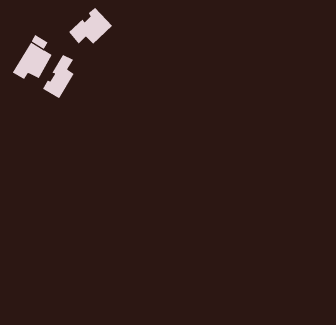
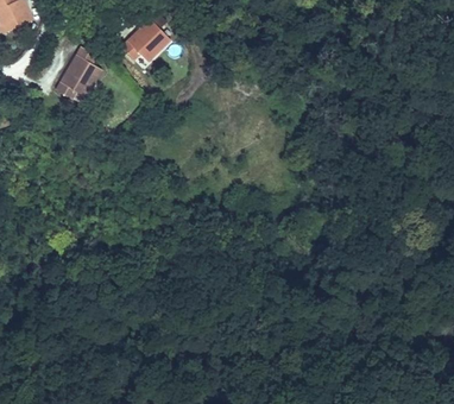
building: [42,54,75,99] -> none

